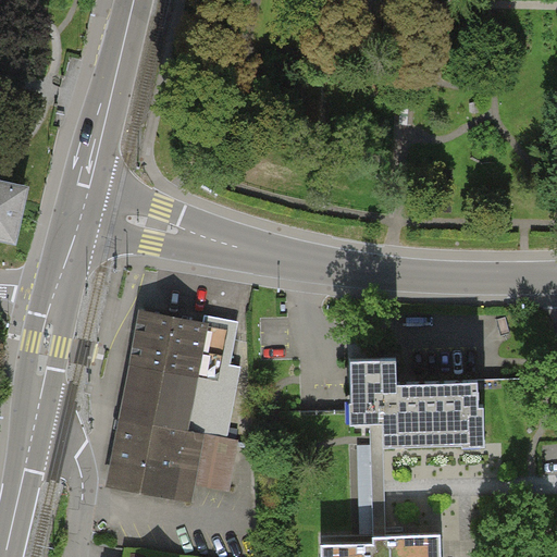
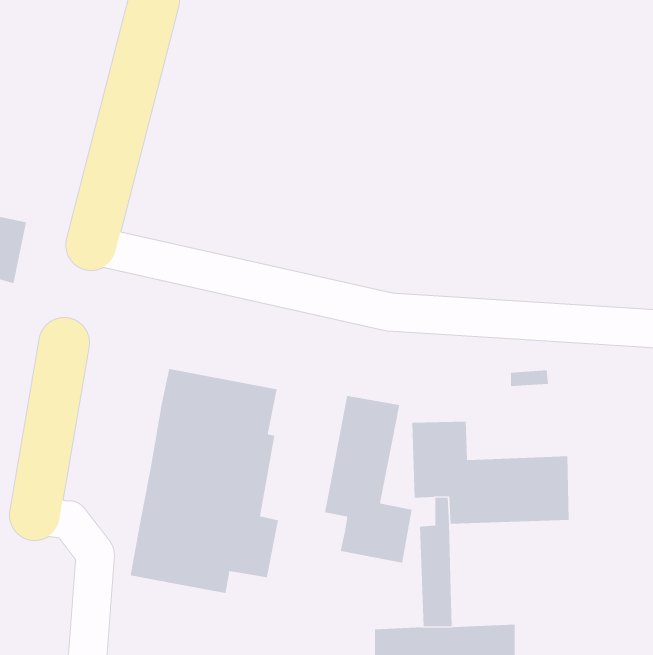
building: none -> [325,395,412,564]

